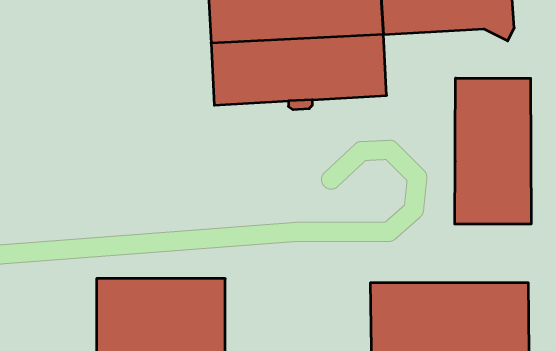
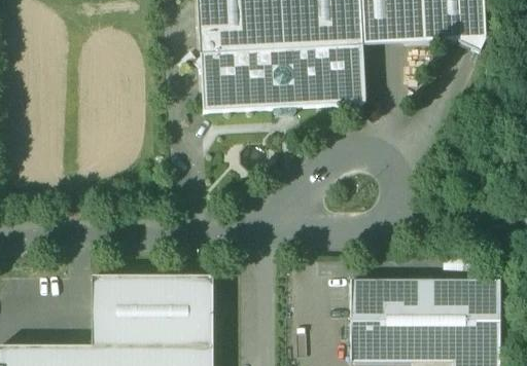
building: [455,78,531,224] -> none

